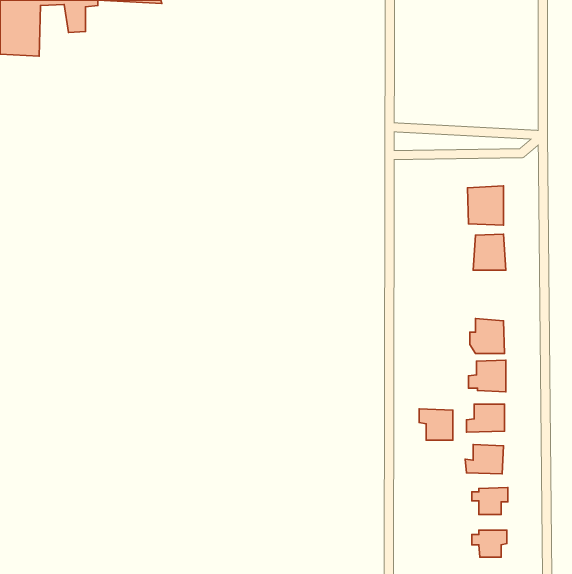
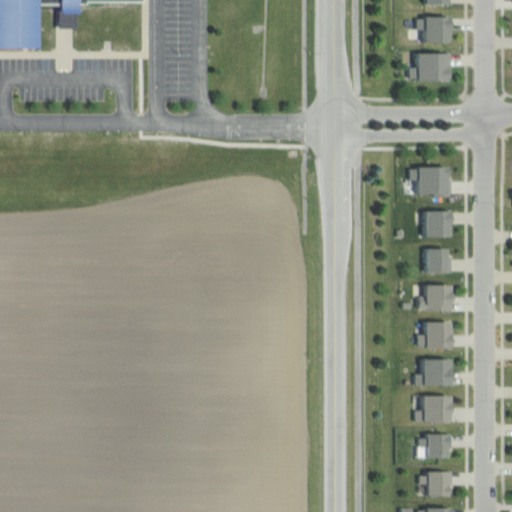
building: none -> [415,14,452,43]
building: none -> [407,53,451,79]
building: none -> [426,248,453,277]
building: [419,409,453,440] -> none

